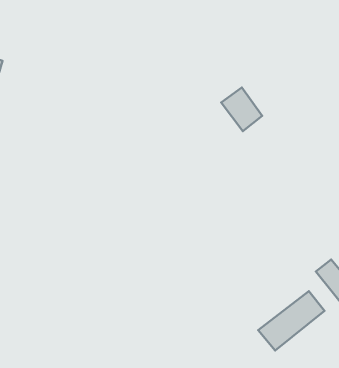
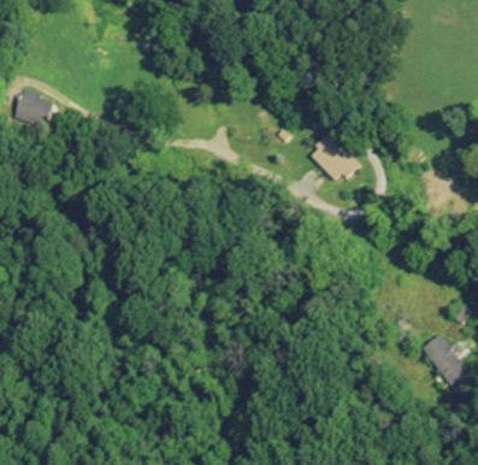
building: [258,291,325,350] -> none

